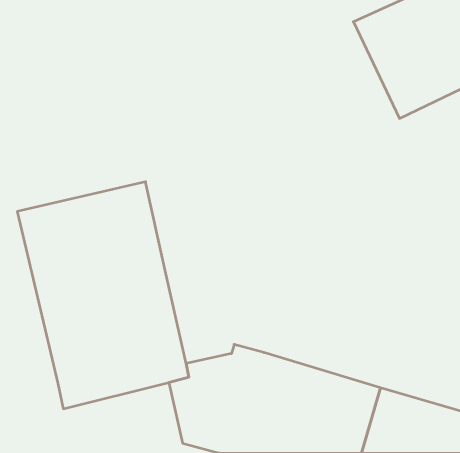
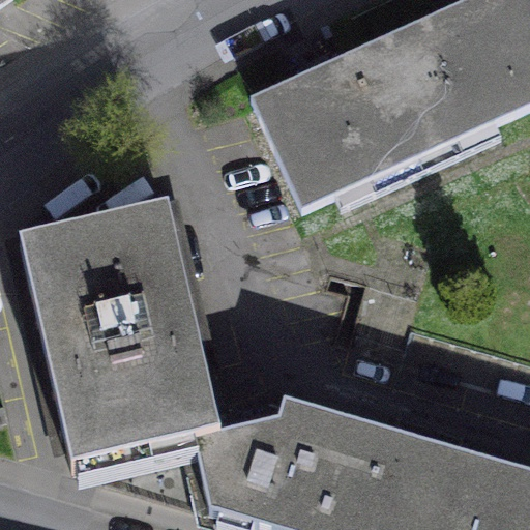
building: none -> [253,25,460,207]

